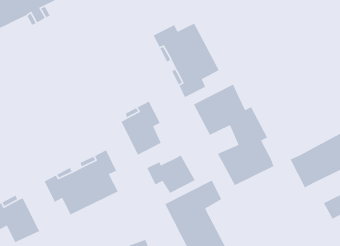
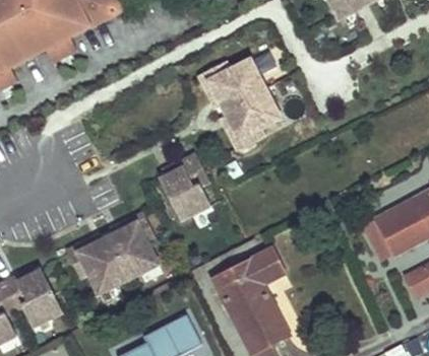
building: [193,84,274,186] -> none
building: [146,155,196,194] -> none

